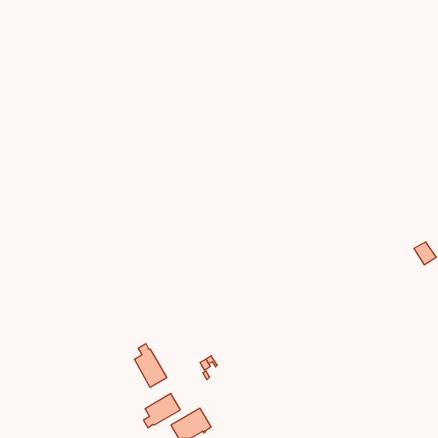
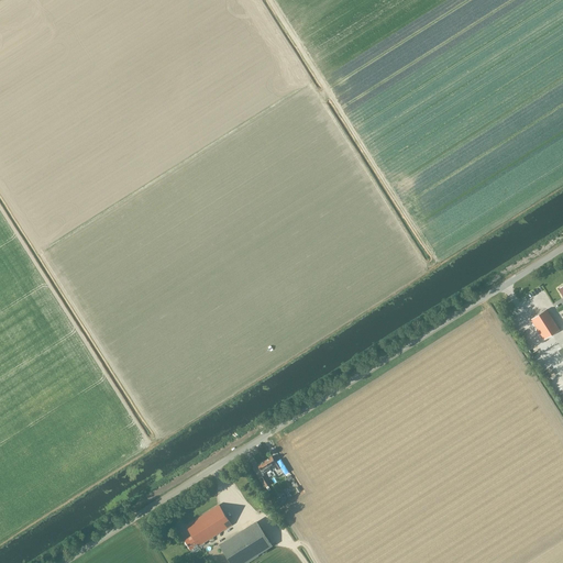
building: [134,344,167,387] -> none

